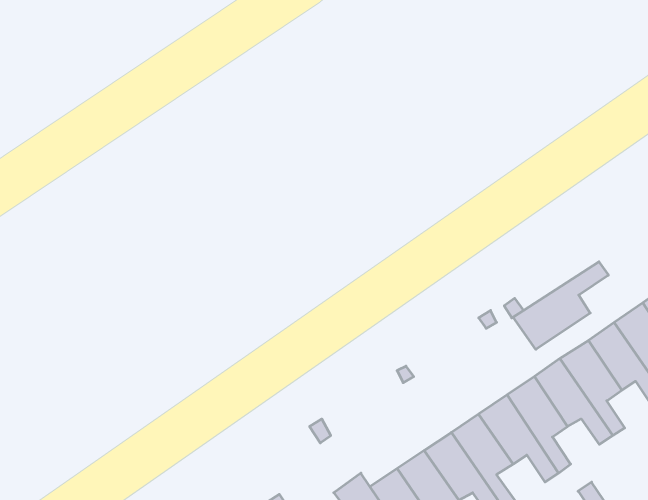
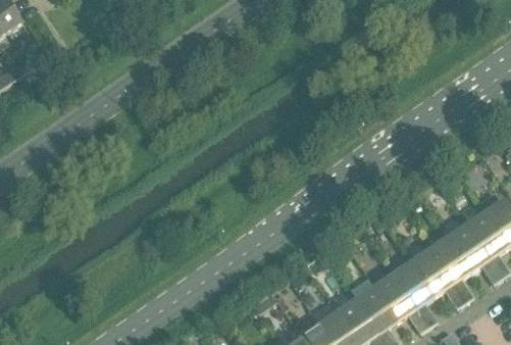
building: [513,262,608,349] -> none

